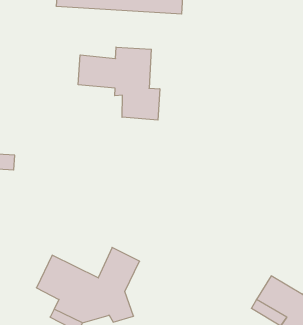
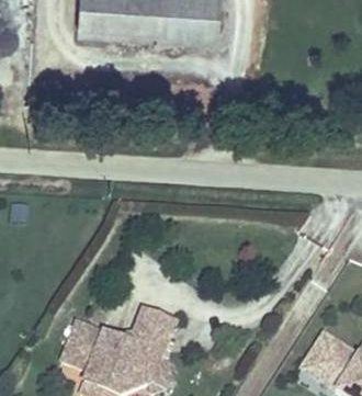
building: [78,47,160,120] -> none

